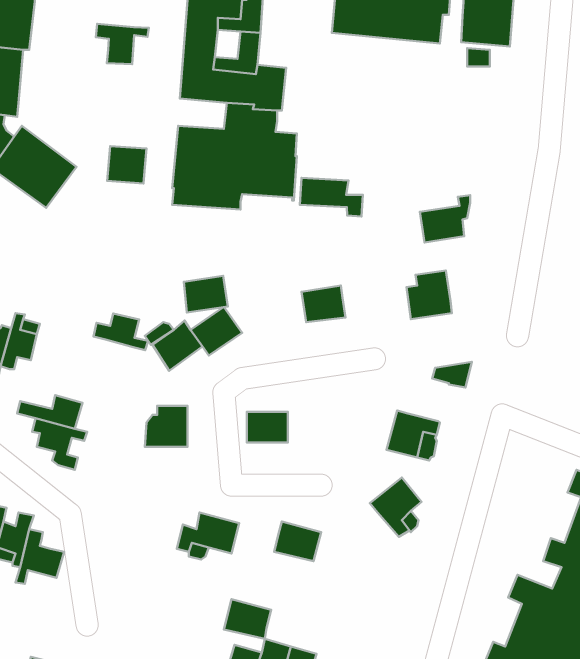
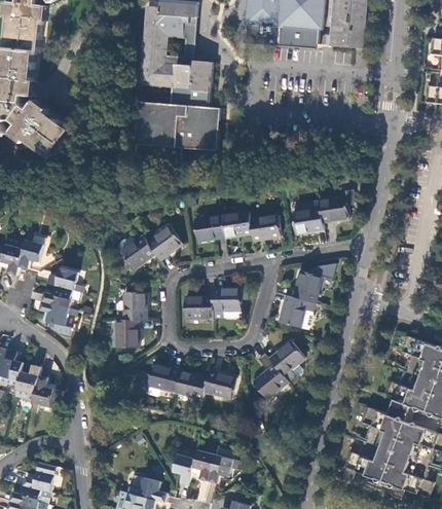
building: [96,24,149,64] -> none
building: [107,146,146,183] -> none
building: [300,178,363,216] -> none
building: [420,195,470,242] -> [320,188,354,220]
building: [184,276,228,312] -> [195,214,225,239]
building: none -> [250,214,281,239]
building: [93,314,148,350] -> [47,266,84,291]
building: none -> [294,270,322,301]
building: none -> [213,287,248,316]
building: none -> [116,319,138,347]
building: none -> [253,363,288,397]
building: [224,599,271,639] -> [175,370,207,397]

